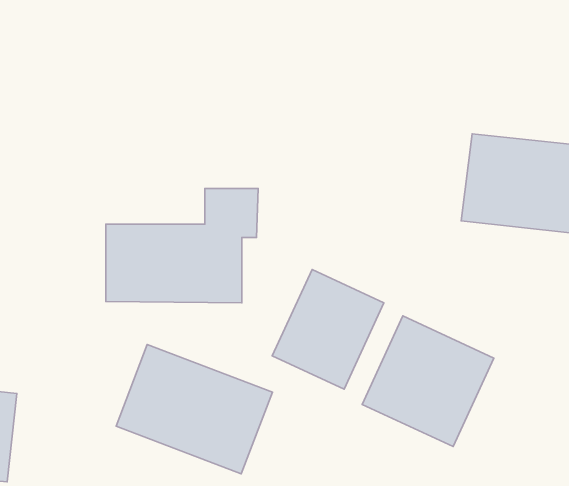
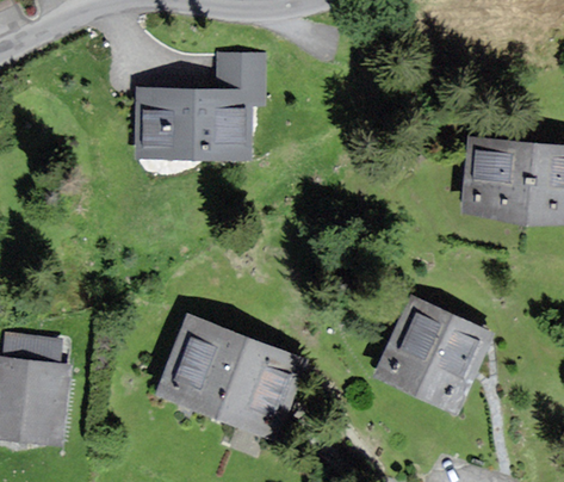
building: [106,189,258,303] -> [136,56,269,156]
building: [272,269,384,389] -> none

